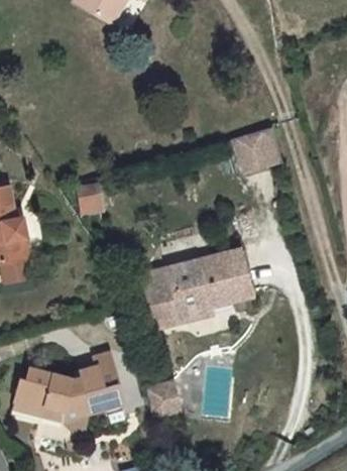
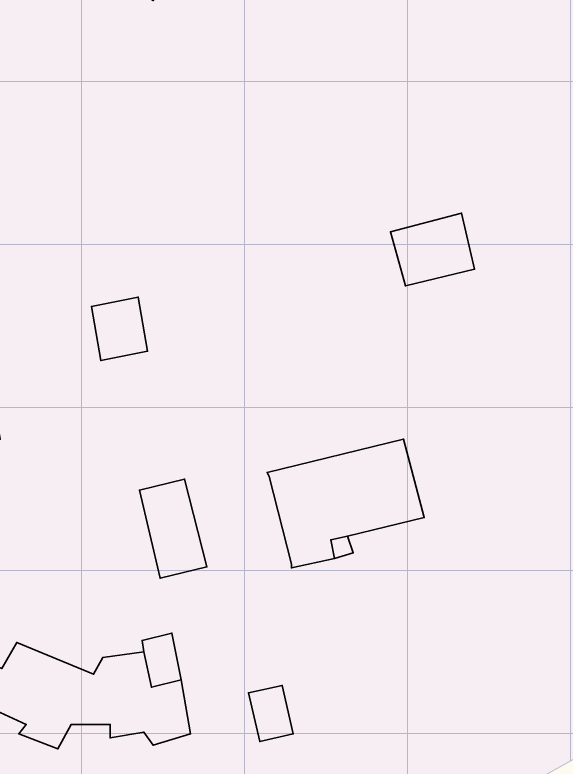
building: [146,275,183,329] -> [140,479,207,578]

